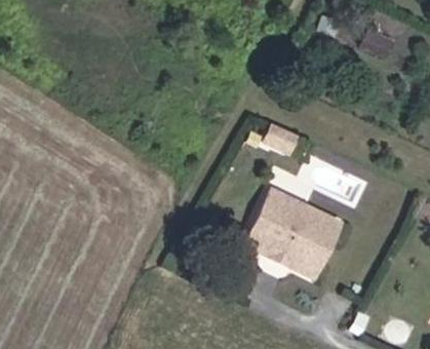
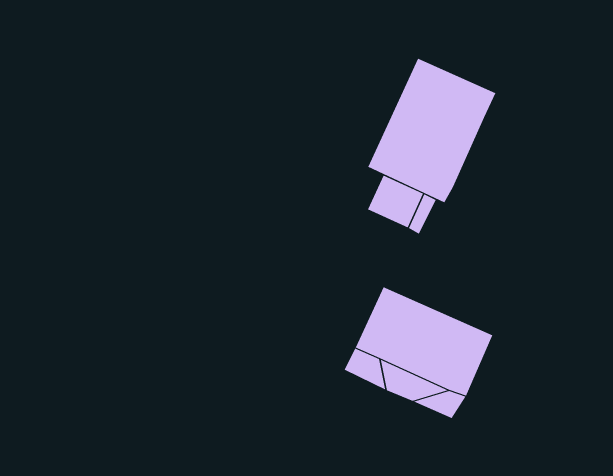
building: none -> [368,58,496,203]

